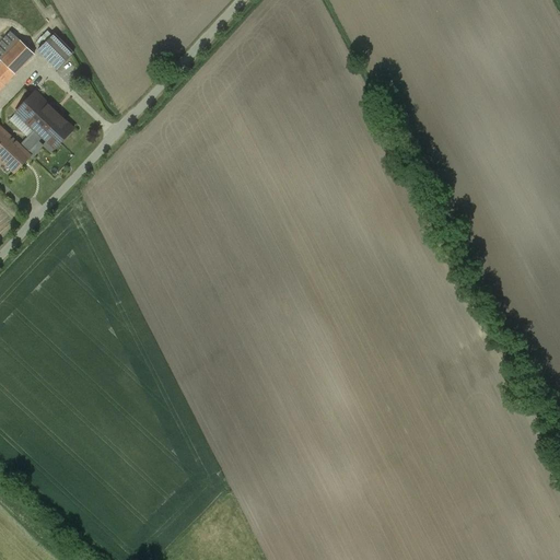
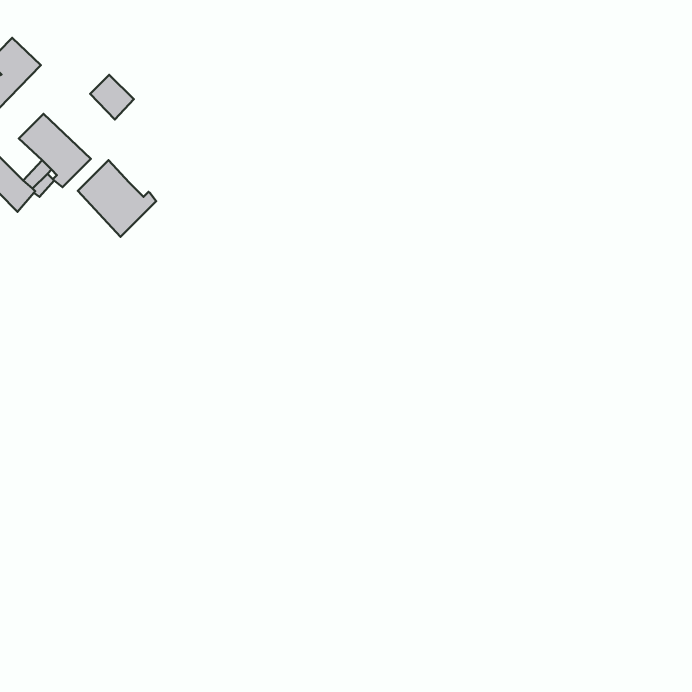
building: [37,33,72,69] -> [90,75,134,120]
building: none -> [78,160,156,237]

